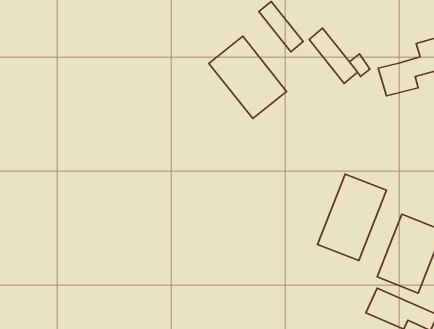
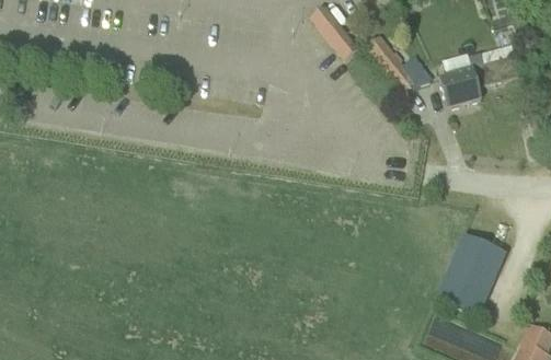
building: [209,36,287,119] -> none
building: [318,174,386,261] -> none

